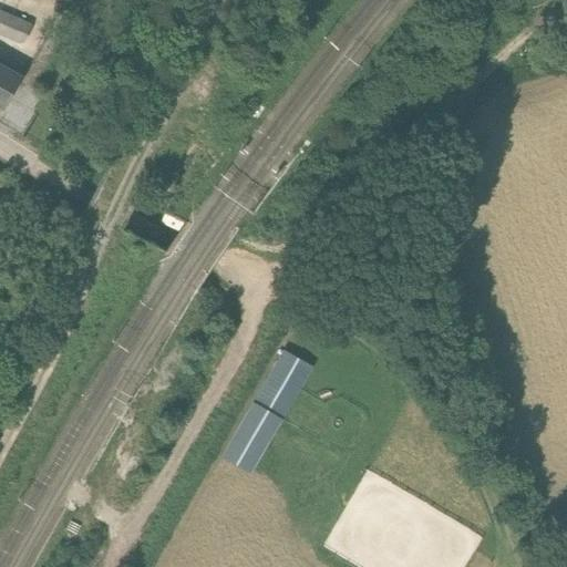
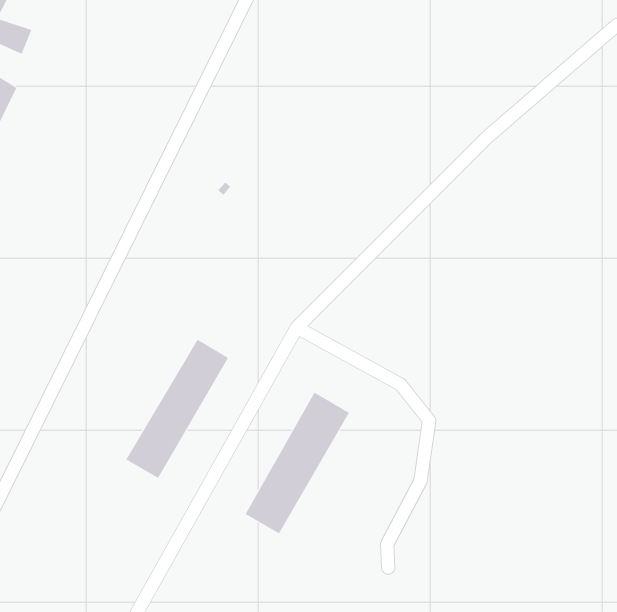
building: none -> [125,339,229,479]

